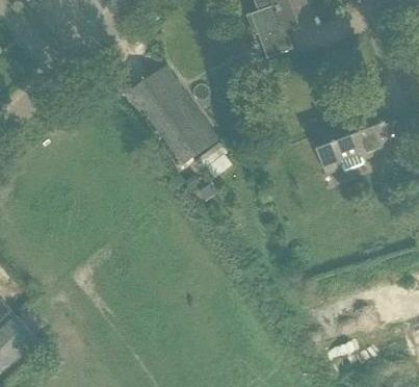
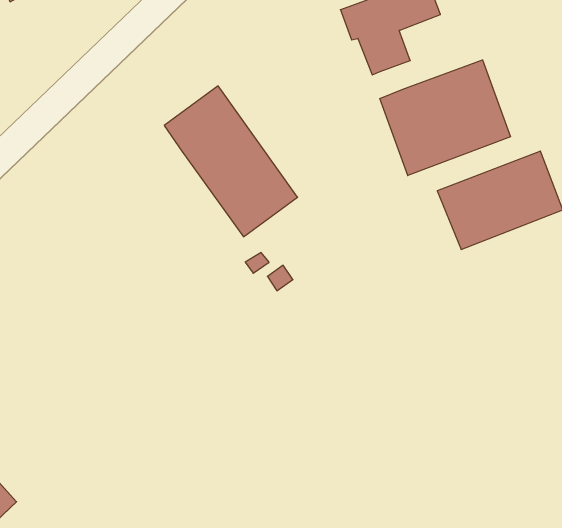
building: none -> [380,60,510,176]

